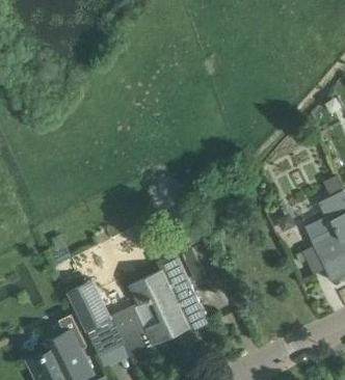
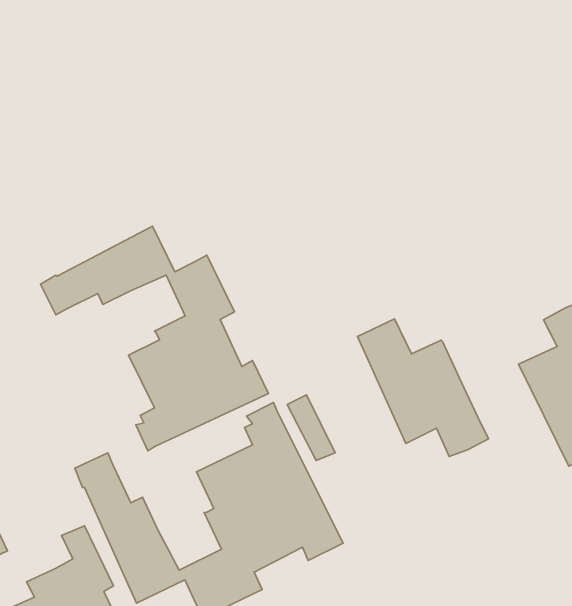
building: none -> [41,226,268,451]
building: none -> [357,319,488,457]

